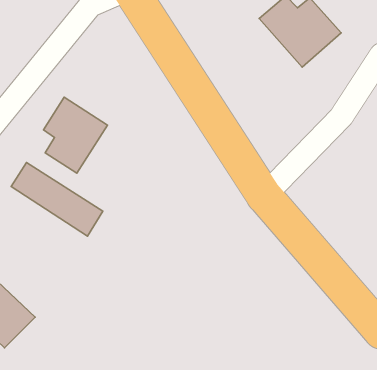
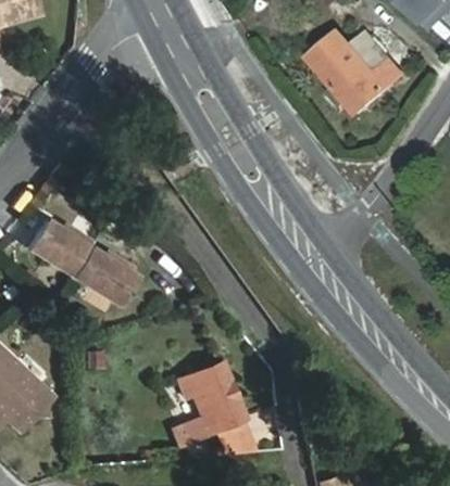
building: [44,97,108,173] -> none
building: none -> [179,363,255,453]

